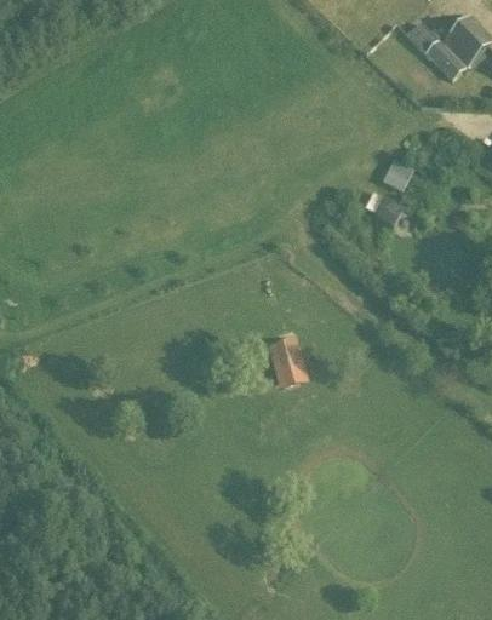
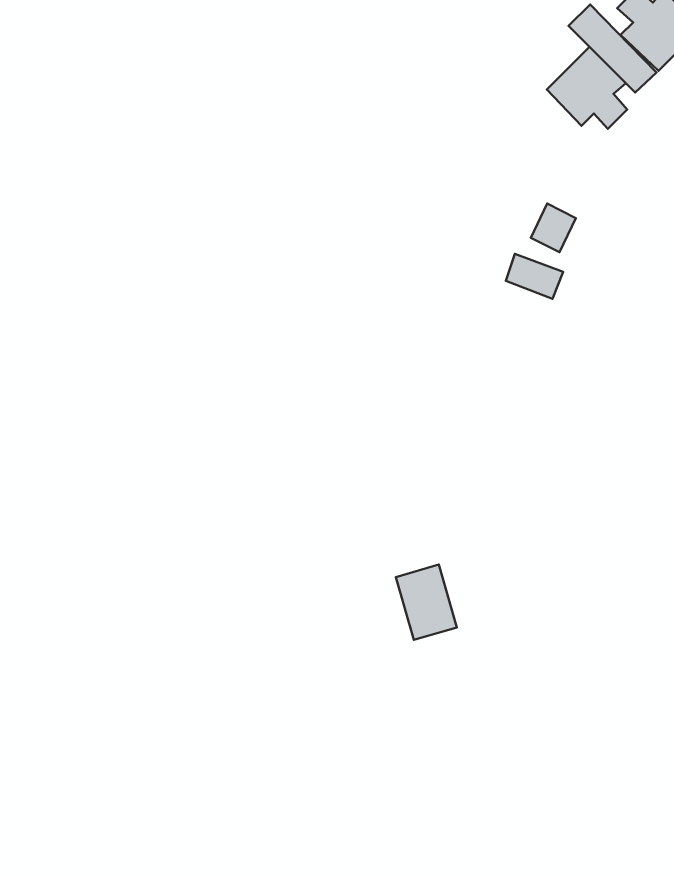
building: none -> [547,47,627,129]
building: [269,335,310,386] -> [396,565,457,640]

